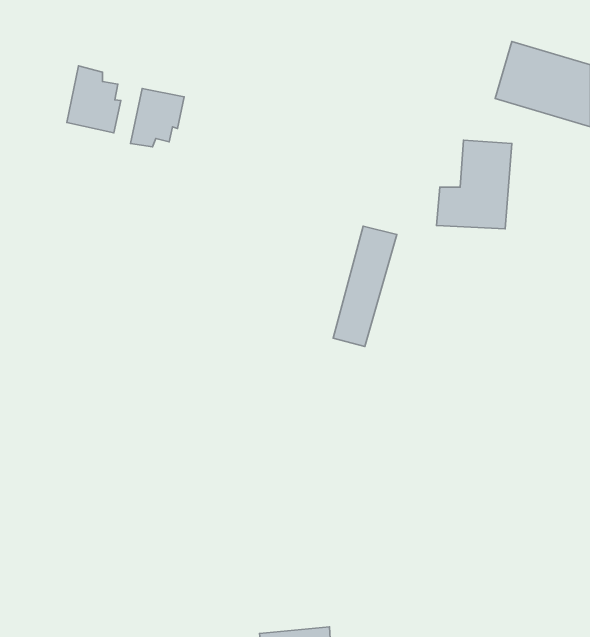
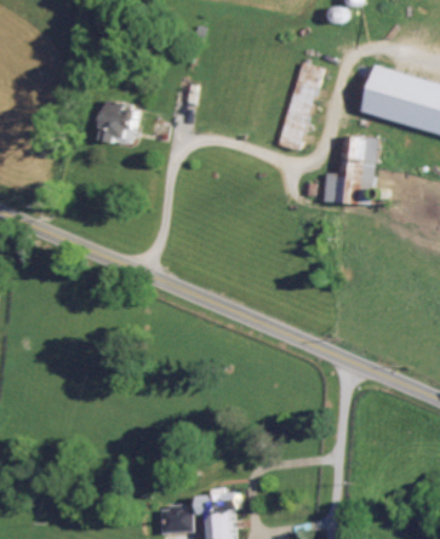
building: [67,66,121,133] -> none
building: [333,226,397,346] -> [276,63,322,150]

